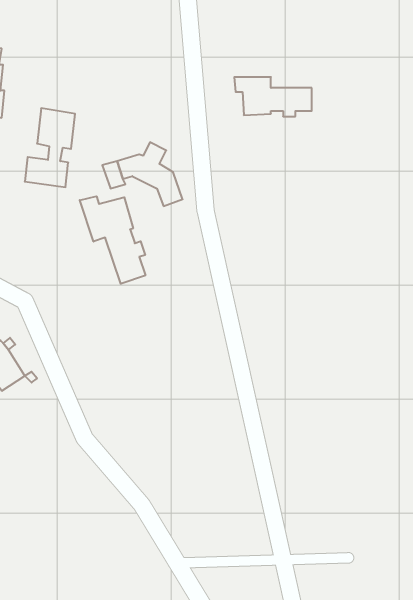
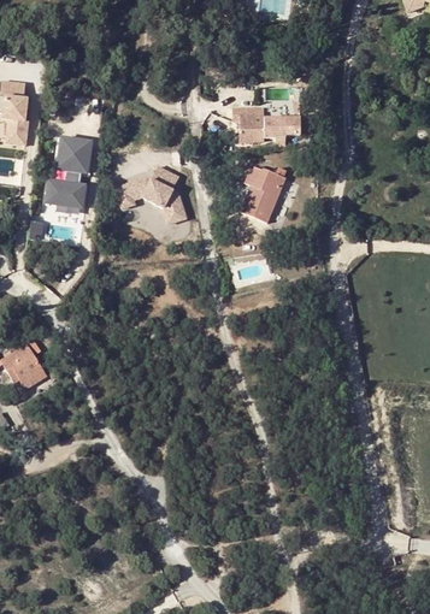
building: none -> [240,165,287,220]
building: [80,196,145,284] -> none

